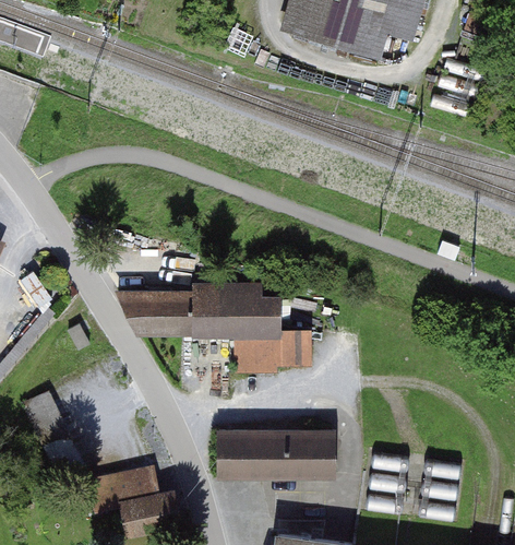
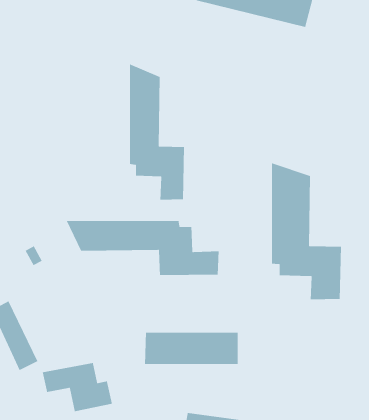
building: none -> [129,63,185,200]
building: none -> [271,162,342,300]

